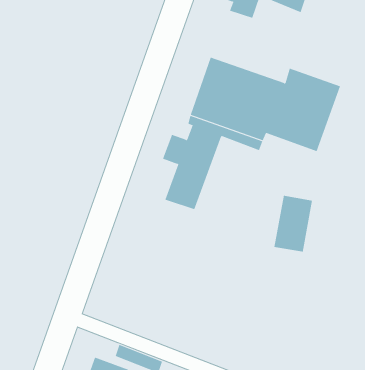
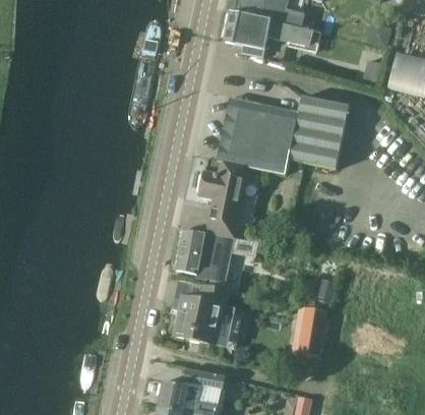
building: none -> [177,229,235,283]
building: [274,195,313,252] -> [295,304,324,353]
building: none -> [173,285,254,346]

